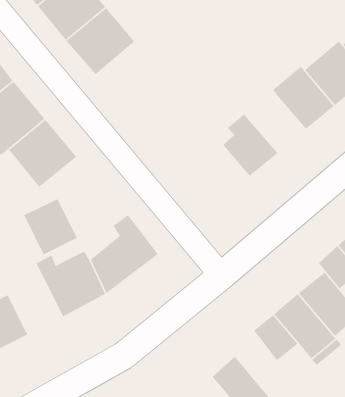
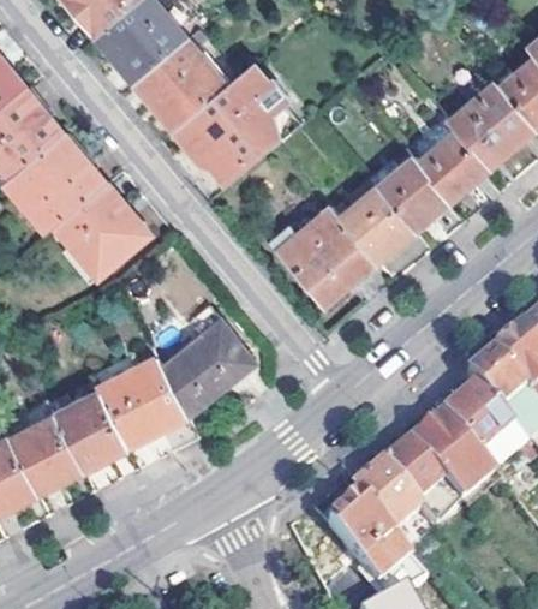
building: none -> [172,62,286,185]
building: none -> [369,157,450,232]
building: none -> [267,209,376,308]
building: [23,198,78,256] -> [56,396,128,472]
building: none -> [351,466,417,536]

